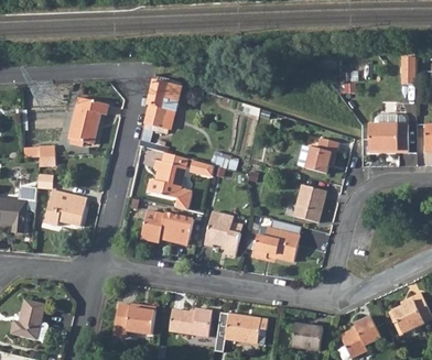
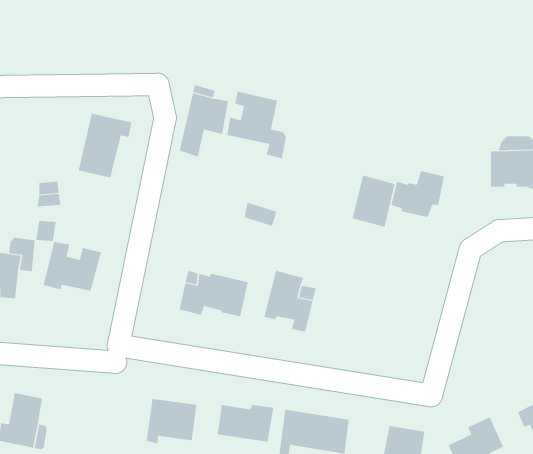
building: [149,161,193,210] -> [226,91,287,159]
building: [294,184,326,222] -> [352,175,396,228]
building: [253,228,301,262] -> none

